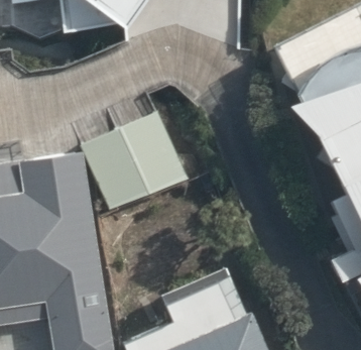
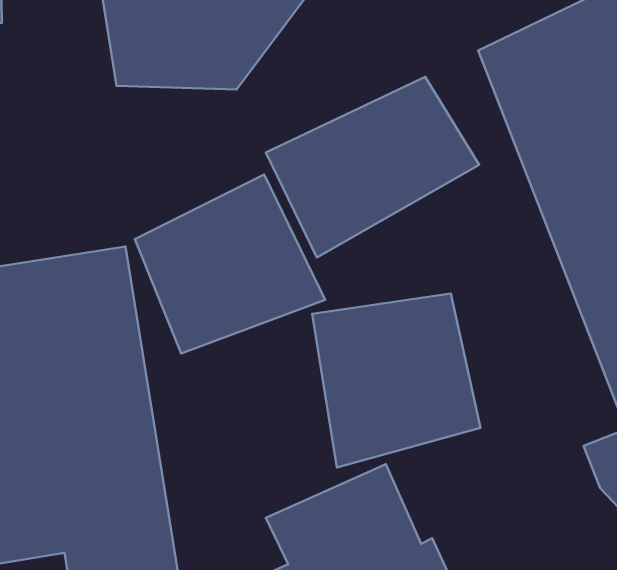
building: none -> [266,77,479,257]
building: none -> [312,294,481,467]

